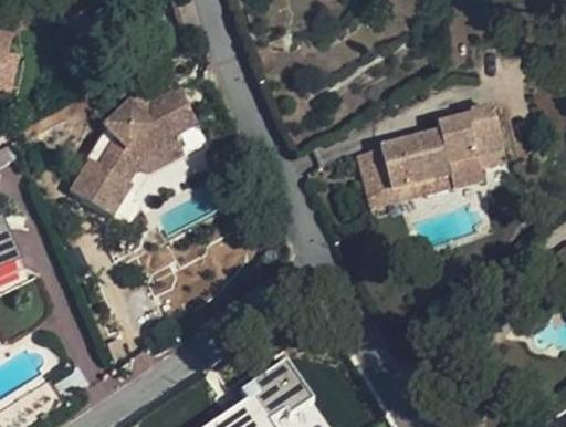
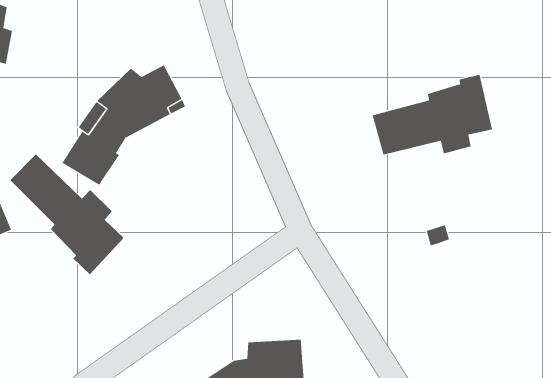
building: [356,149,454,210] -> none
building: none -> [9,154,125,275]

